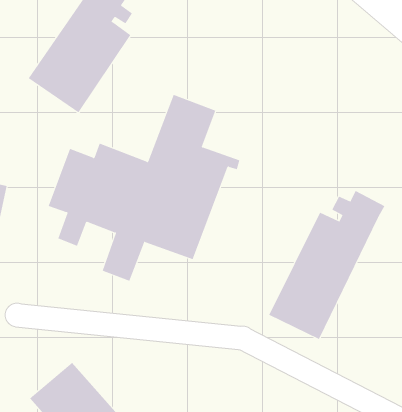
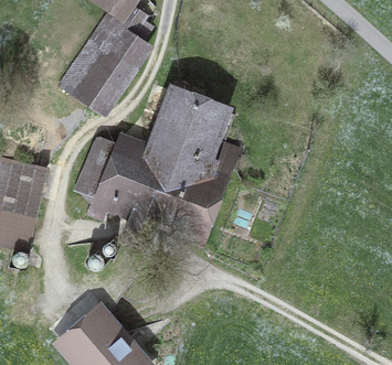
building: [269,190,385,340] -> none

